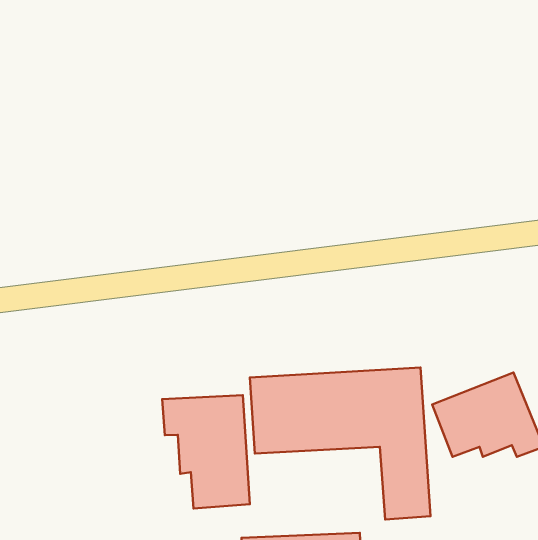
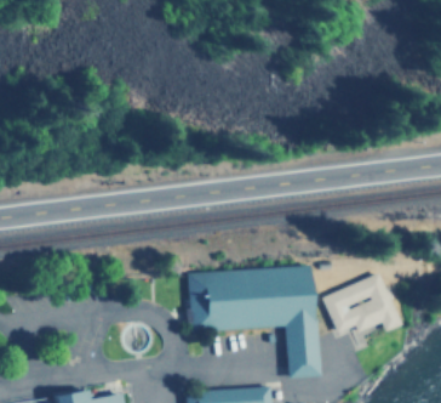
building: [162,395,250,508] -> none

